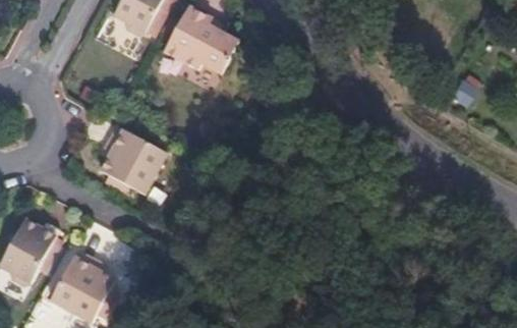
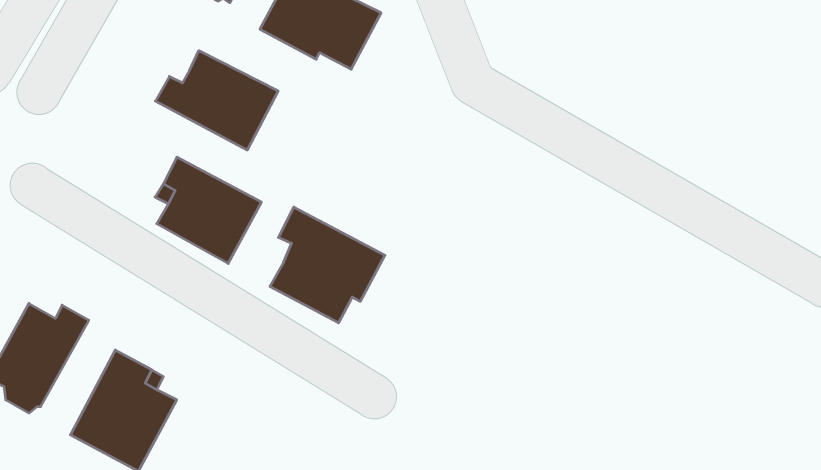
building: none -> [155,51,278,150]
building: none -> [270,207,385,323]

